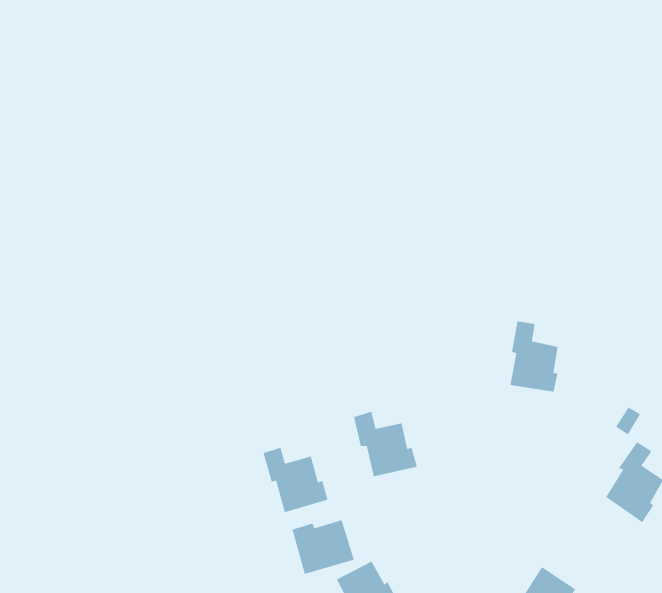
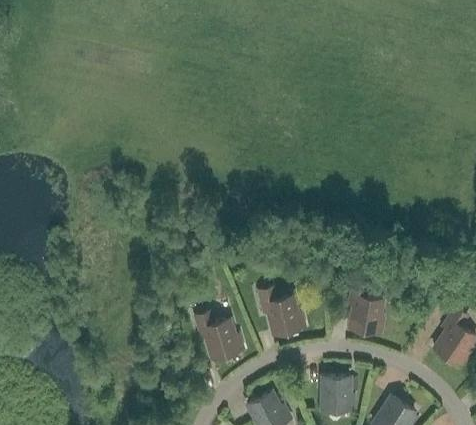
building: [510,321,559,393] -> [350,283,384,333]
building: [291,519,355,575] -> none
building: none -> [322,377,354,410]

